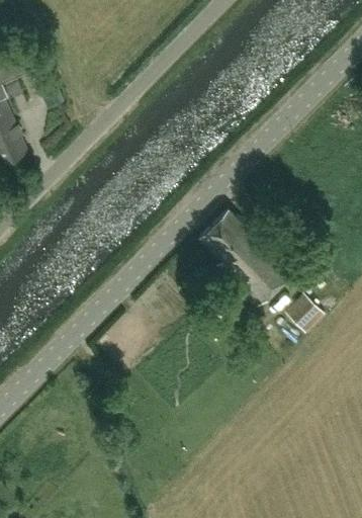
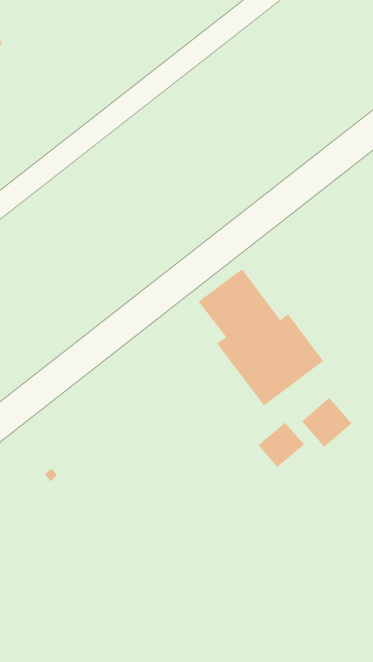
building: none -> [257,421,305,468]

